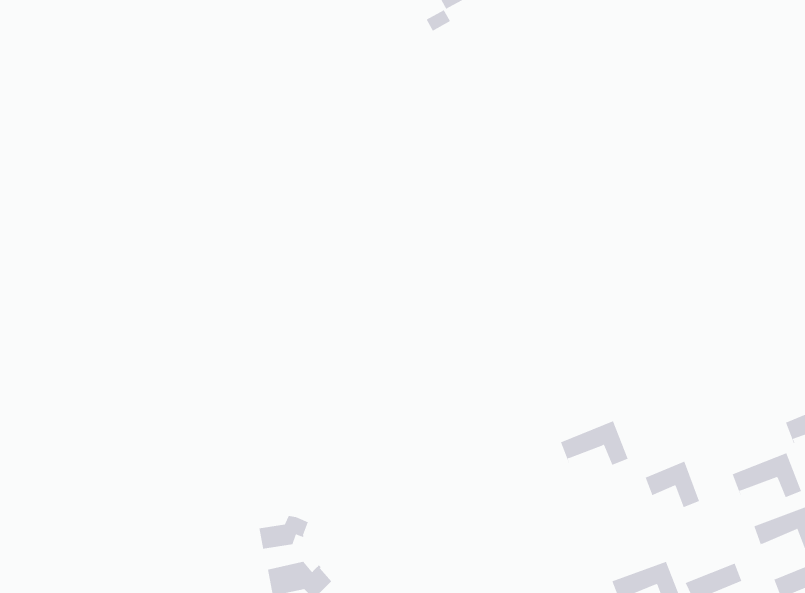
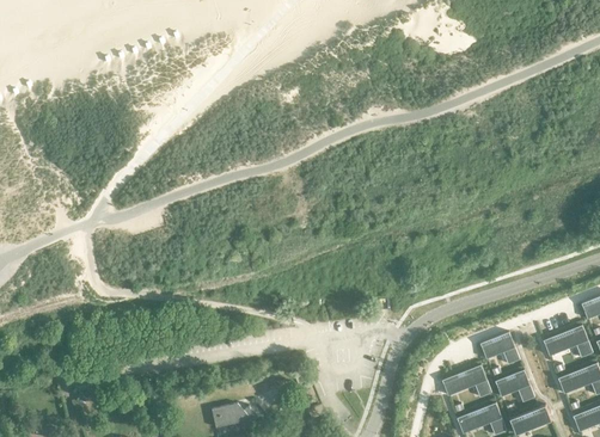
building: [560,420,629,465] -> [442,365,491,398]
building: none -> [495,370,535,402]
building: [259,515,308,549] -> none

